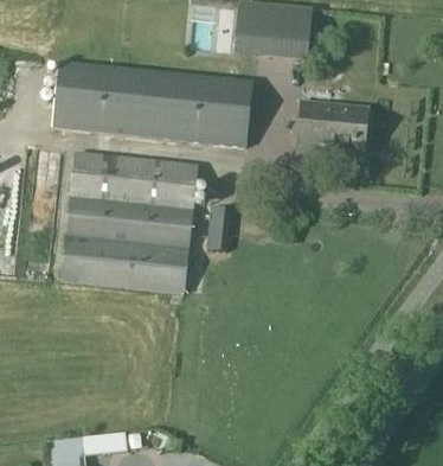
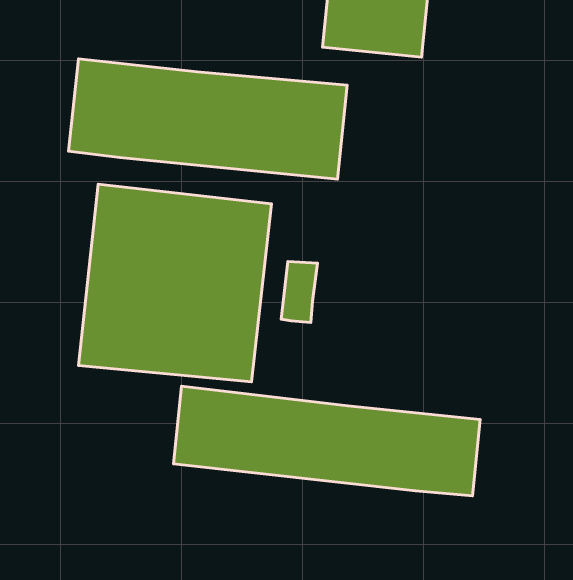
building: [296,101,367,162] -> none
building: none -> [174,386,480,496]

